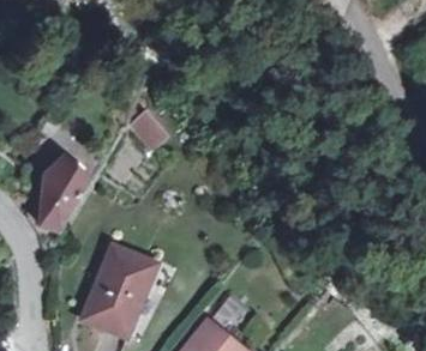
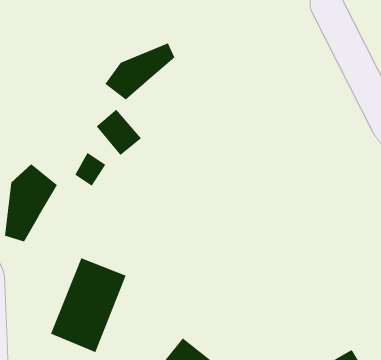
building: none -> [105,43,175,101]

